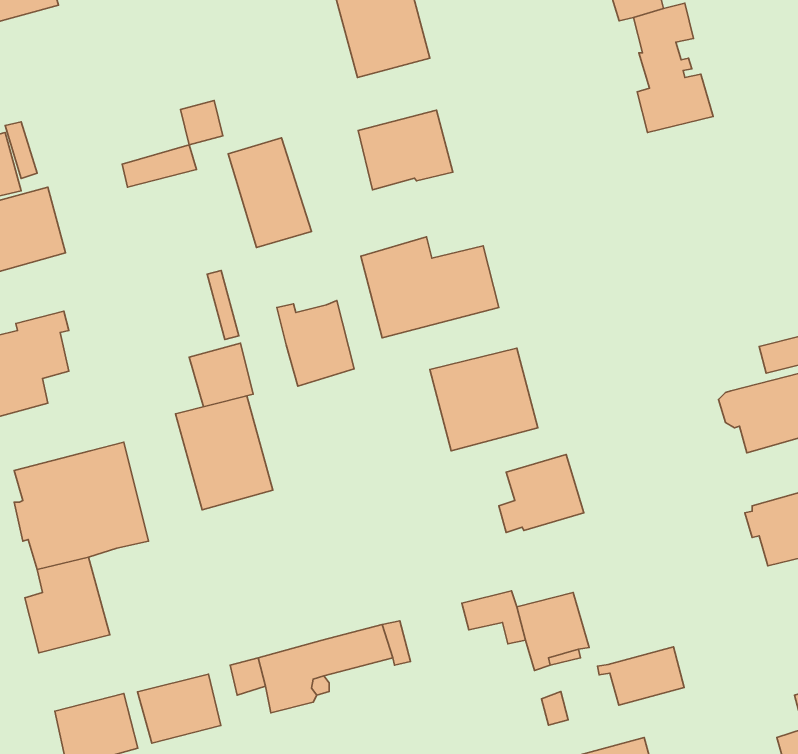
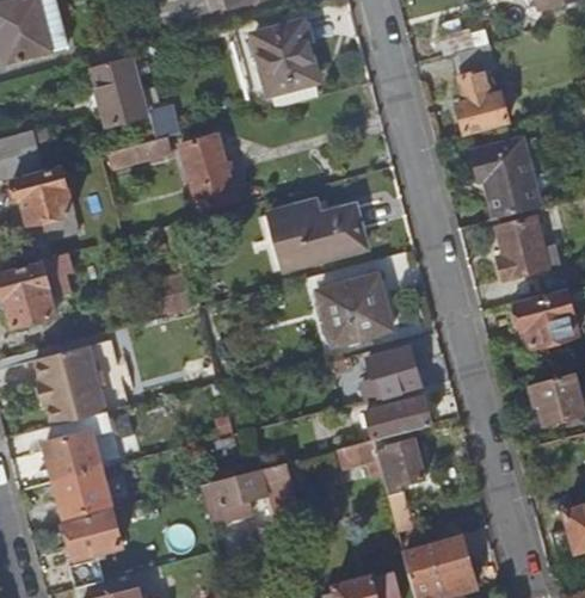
building: none -> [90,57,144,128]
building: [358,110,453,190] -> none
building: none -> [469,138,540,218]
building: none -> [499,218,558,279]
building: [277,301,354,386] -> none
building: [175,396,273,510] -> none
building: [598,647,684,705] -> [372,397,431,437]
building: [138,674,221,743] -> [54,470,110,517]

